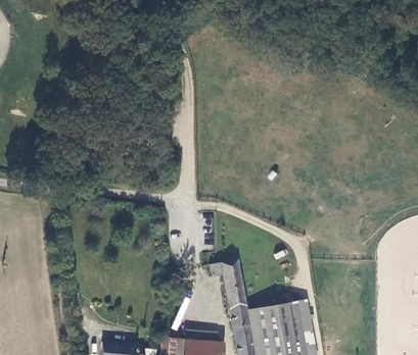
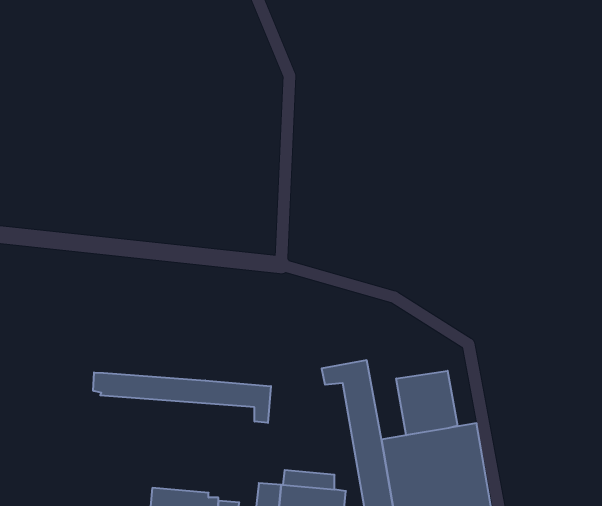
building: none -> [396,371,457,435]
building: none -> [93,372,271,423]

